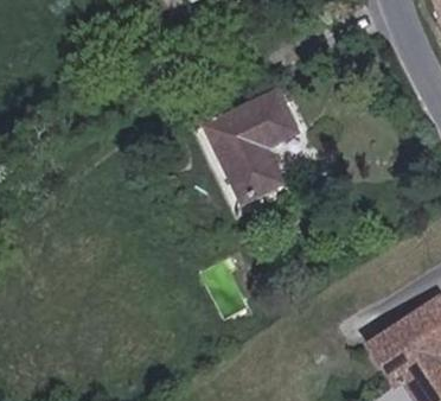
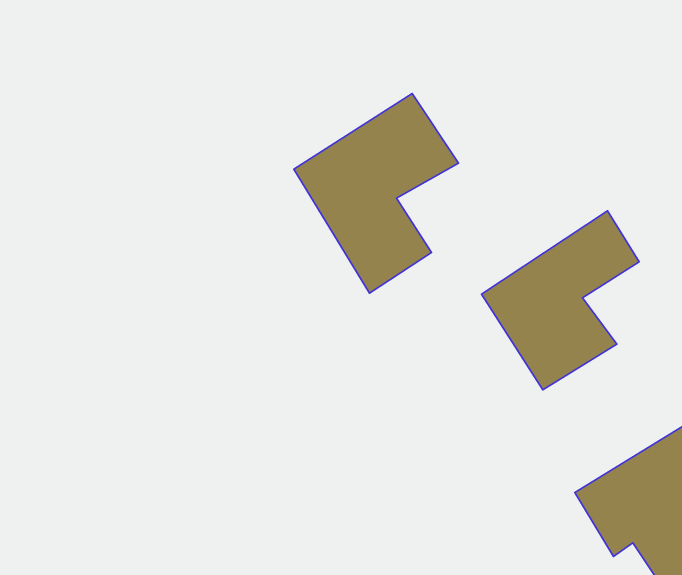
building: none -> [481,211,639,390]

